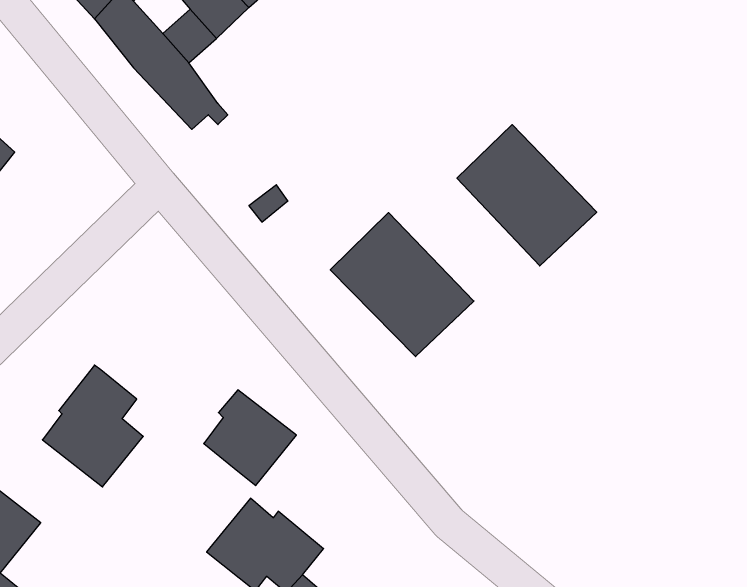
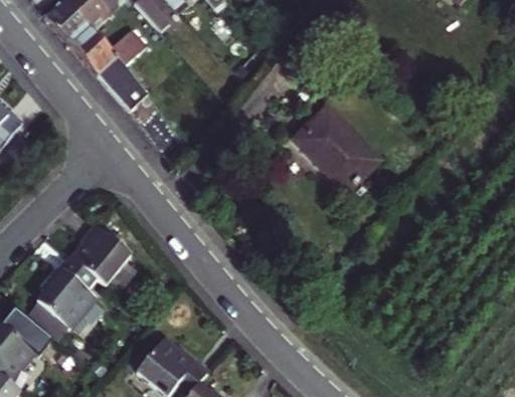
building: [330,213,474,357] -> none
building: [204,390,296,486] -> [72,224,130,283]
building: none -> [24,301,73,346]

